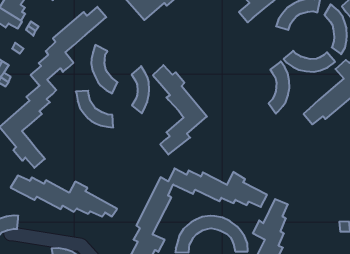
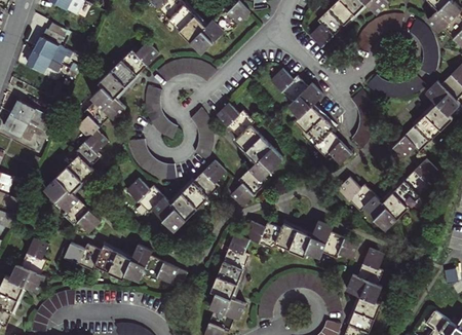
building: none -> [156,59,217,81]
building: none -> [270,69,351,164]
building: none -> [126,160,226,229]
building: none -> [338,158,437,229]

